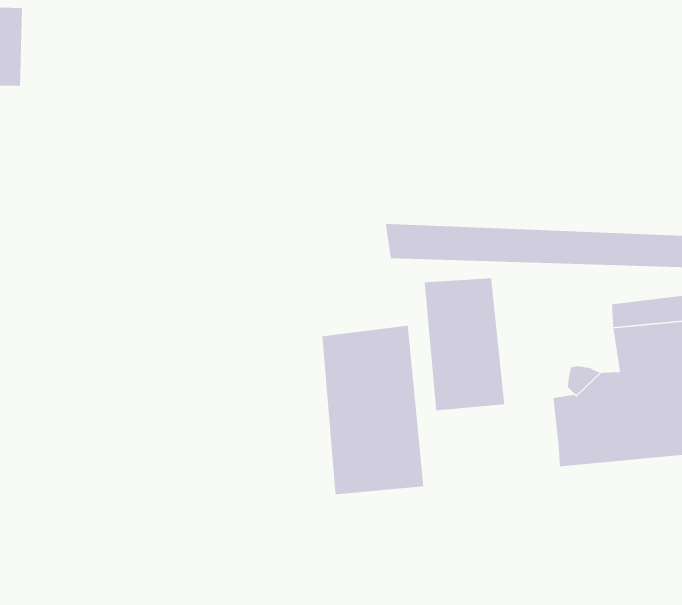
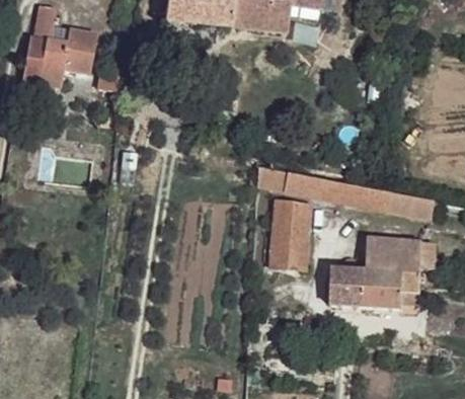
building: [321,325,424,495] -> none

